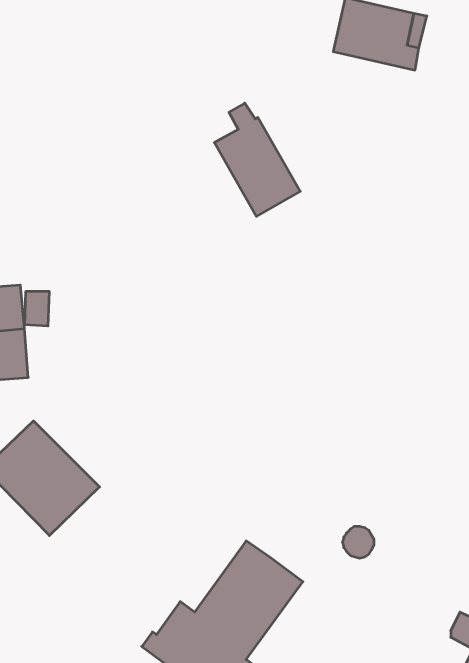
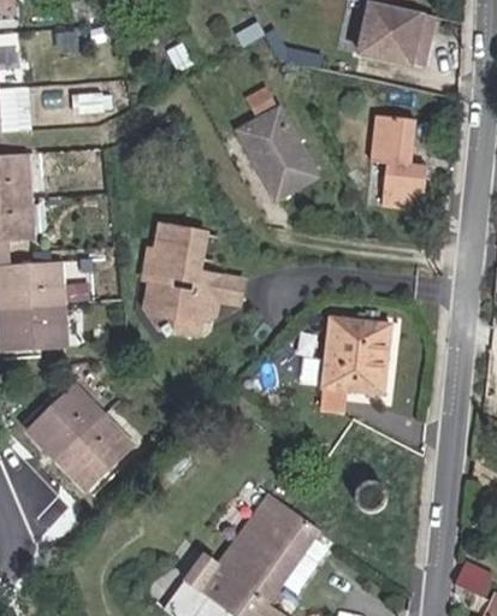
building: none -> [368,116,426,211]
building: none -> [144,223,242,339]
building: none -> [323,319,392,395]

